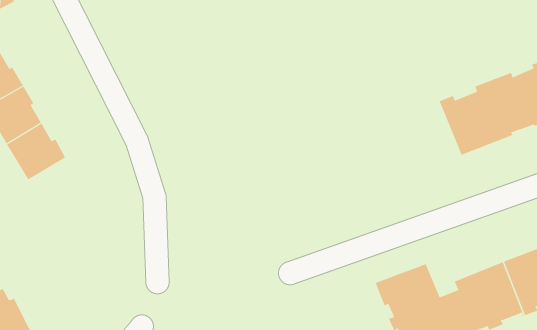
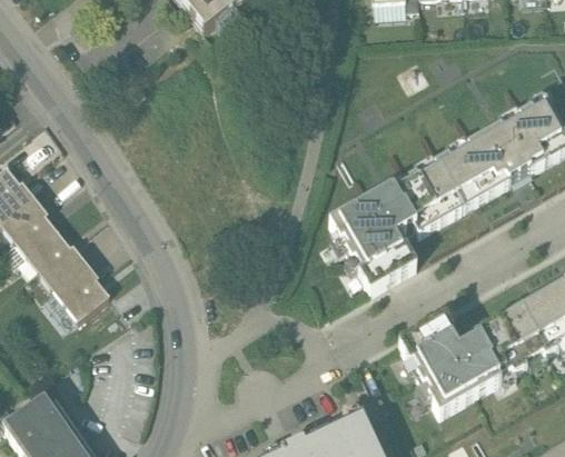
building: none -> [329,157,464,289]
building: none -> [52,261,109,320]

